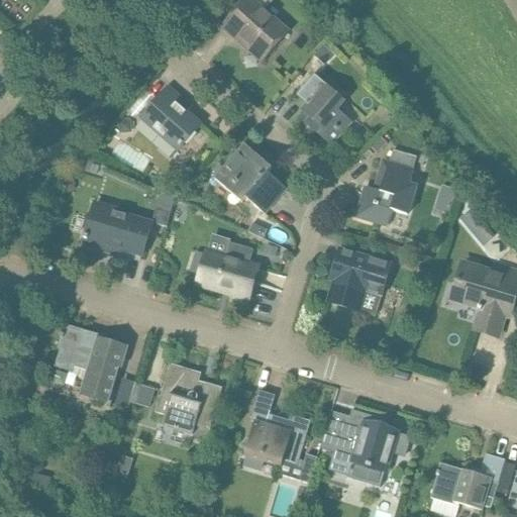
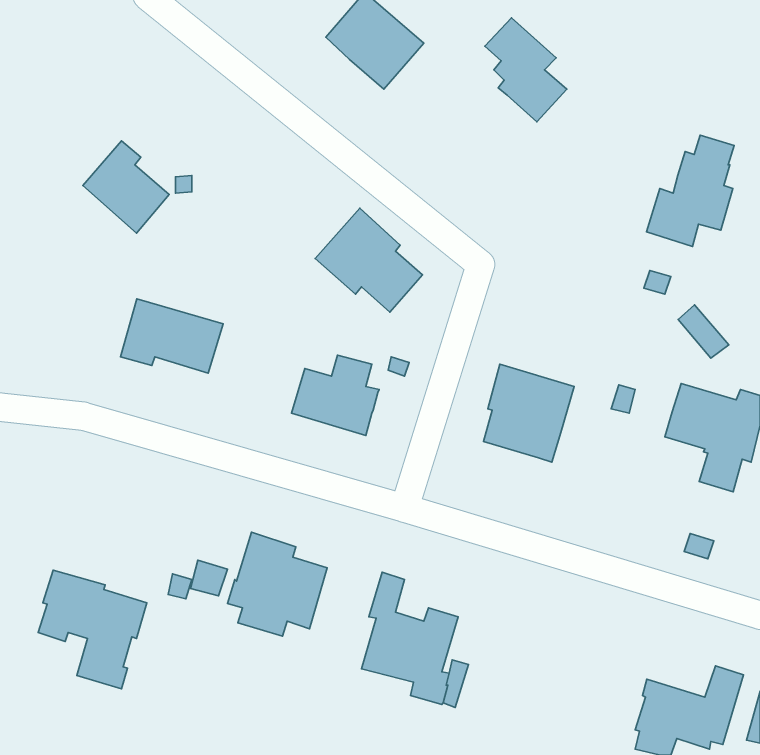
building: [296,73,351,143] -> [485,18,567,122]
building: [141,86,200,148] -> [83,141,169,233]
building: [356,148,416,224] -> [646,135,734,247]
building: [55,322,128,403] -> [38,570,147,689]
building: [319,408,411,485] -> none

